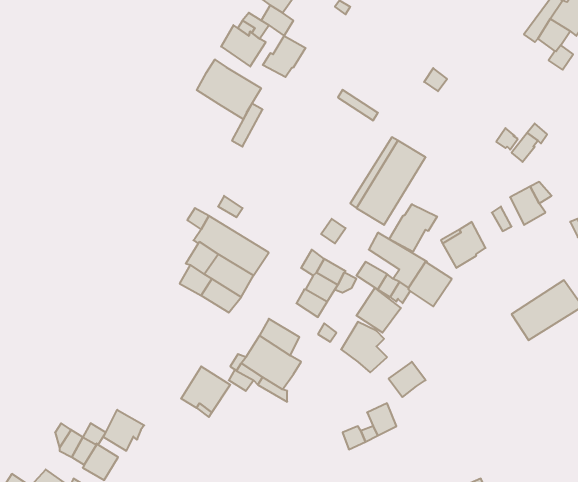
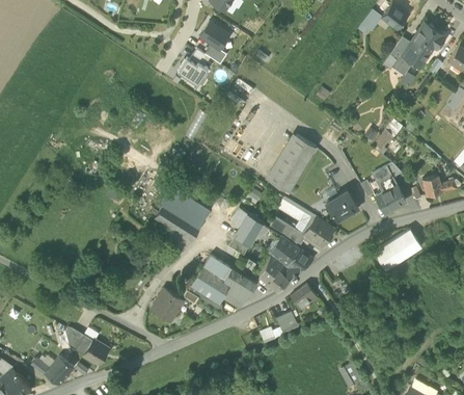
building: [263,36,306,77] -> none
building: [197,59,261,119] -> none
building: [389,204,437,252] -> none
building: none -> [376,183,406,212]
building: none -> [283,247,315,281]
building: none -> [225,267,257,308]
building: [103,410,144,451] -> none

